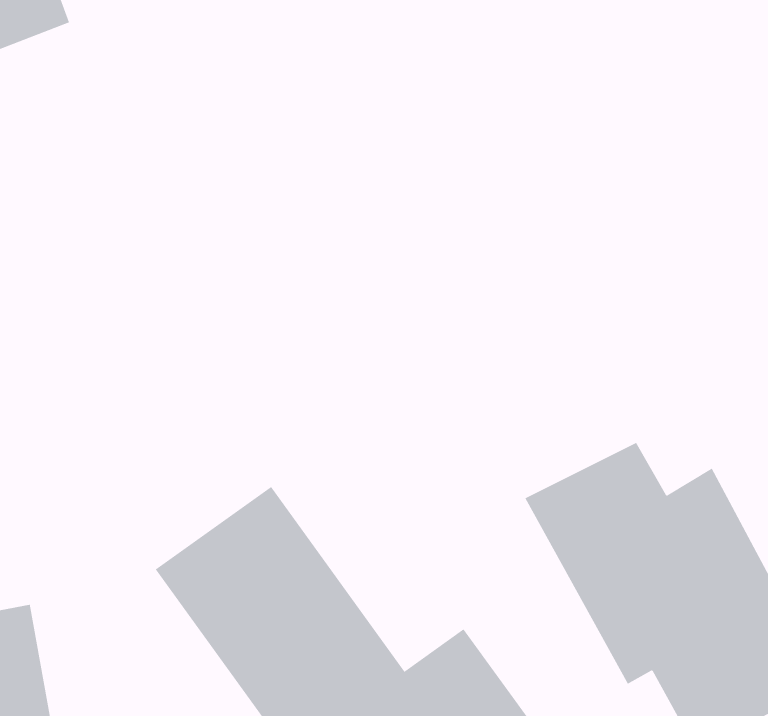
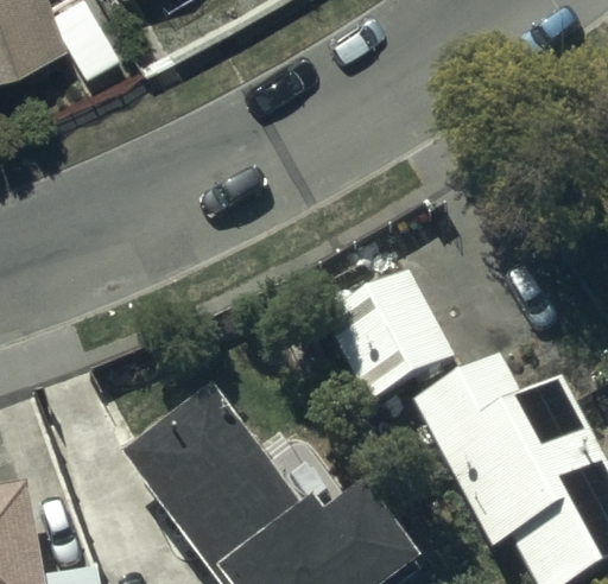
building: none -> [325,266,457,404]

